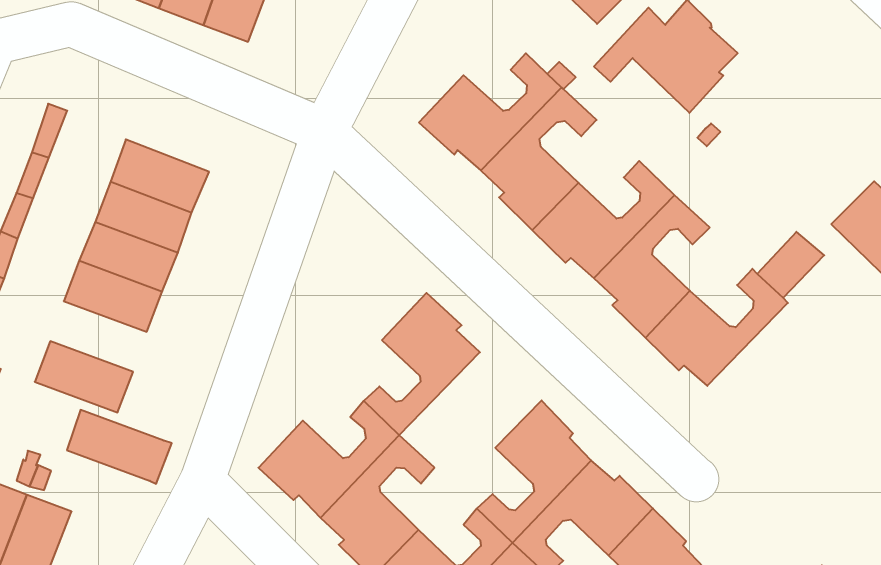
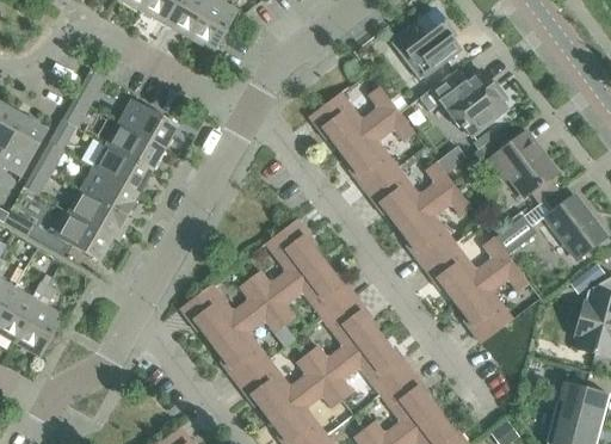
building: none -> [488,130,557,202]
building: none -> [456,259,529,341]
building: none -> [267,259,356,323]
building: [67,410,172,484] -> [68,189,131,240]

